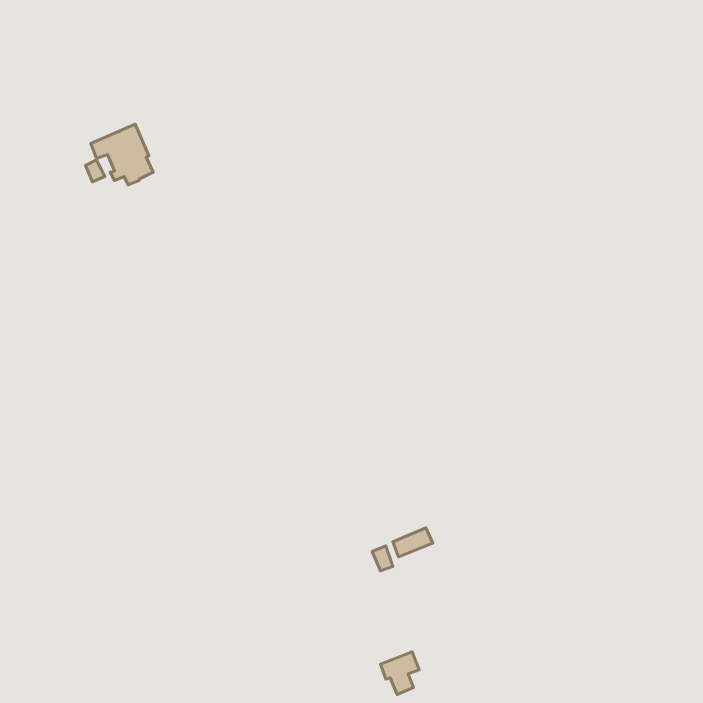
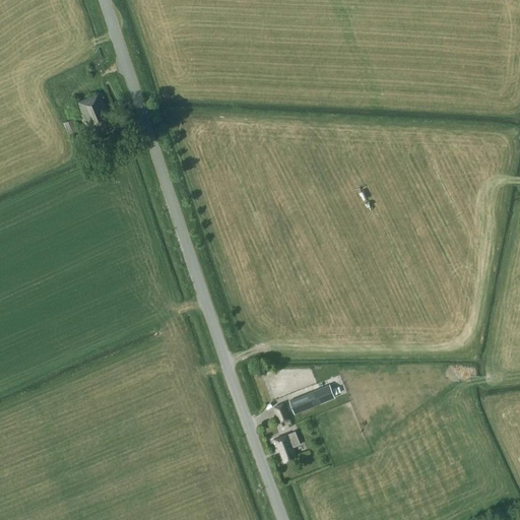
building: [380,652,419,694] -> [273,430,302,461]

